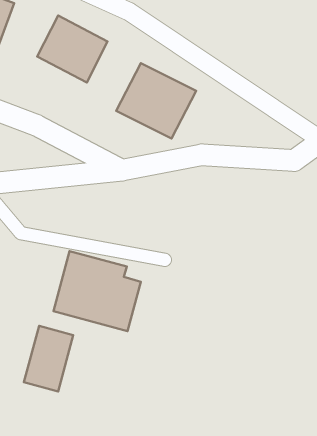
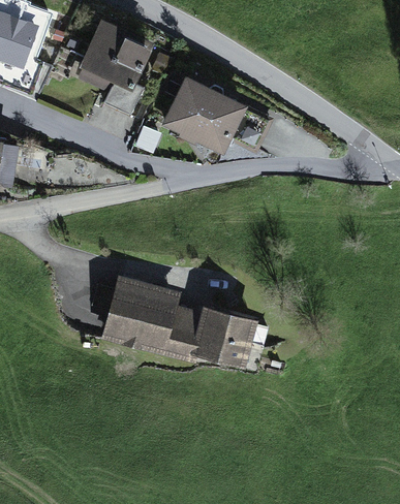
building: none -> [196,310,256,369]
building: [24,326,73,392] -> none

